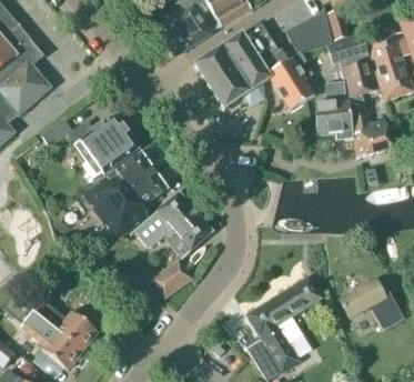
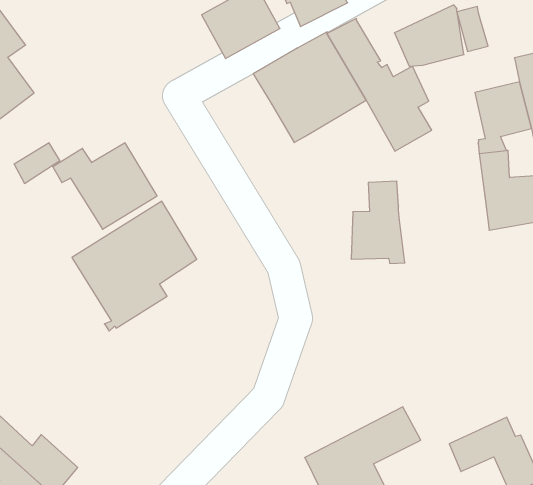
building: [326,33,370,67] -> none
building: [315,81,352,135] -> [351,181,405,263]
building: [132,192,211,258] -> none
building: [151,261,190,298] -> none

